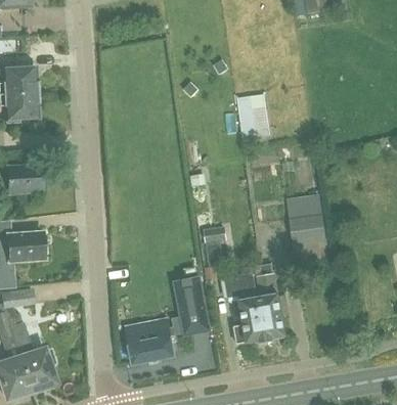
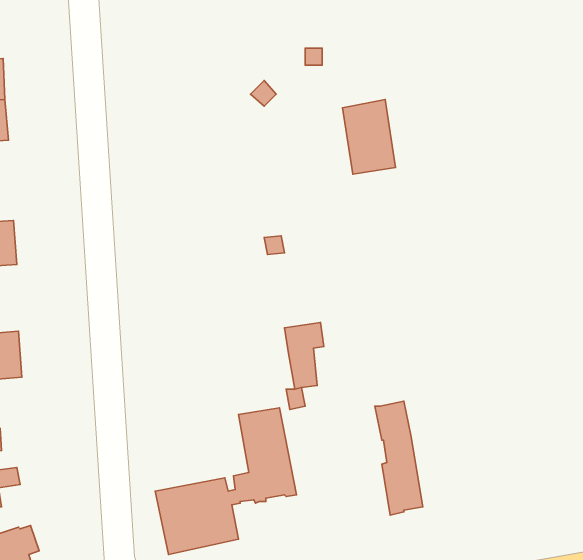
building: [286,193,329,266] -> none
building: [224,273,266,344] -> none

